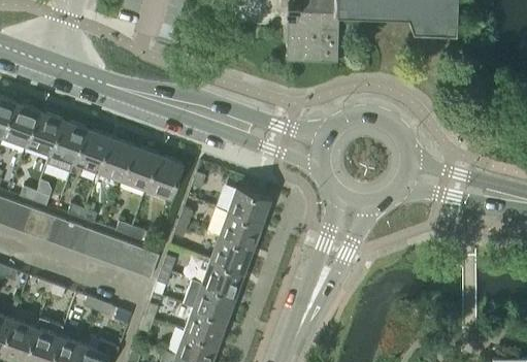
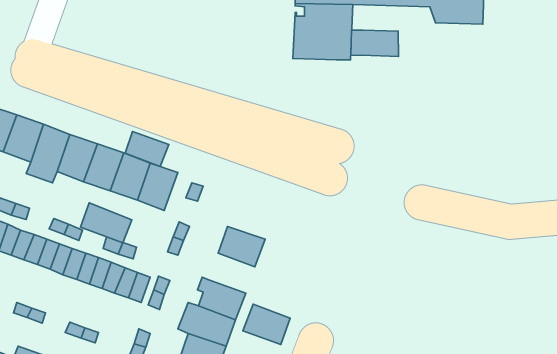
building: none -> [351,30,398,57]
building: none -> [125,131,169,167]
building: [227,187,269,223] -> none
building: none -> [80,203,132,243]
building: [209,235,252,271] -> [243,304,290,345]

